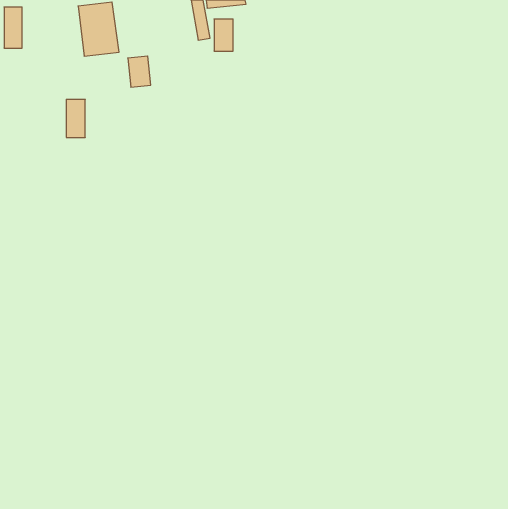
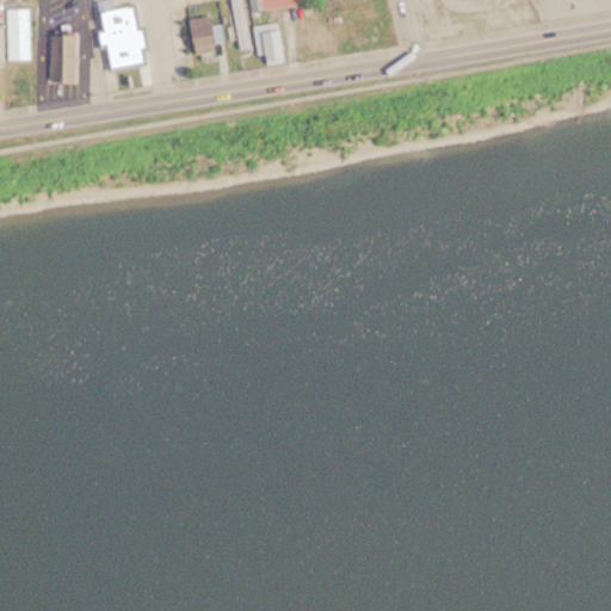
building: [128,56,151,87] -> [186,17,214,54]
building: [66,99,85,137] -> [54,36,76,81]

